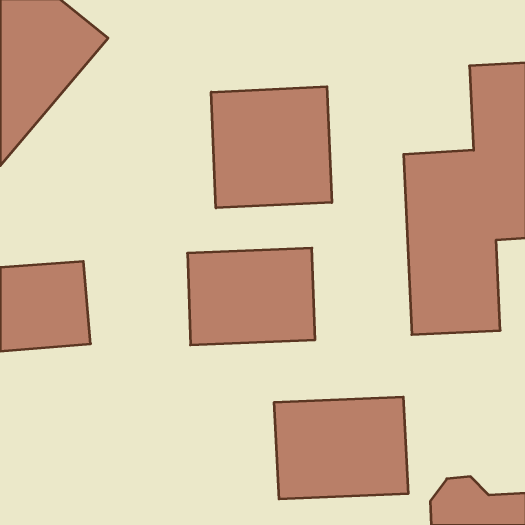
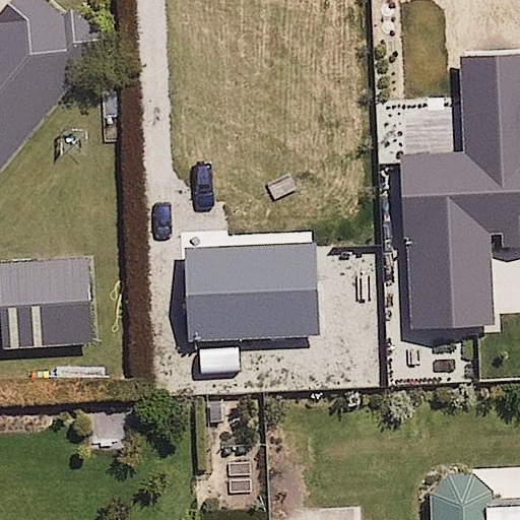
building: [211,87,332,208] -> none
building: [274,397,408,499] -> none

